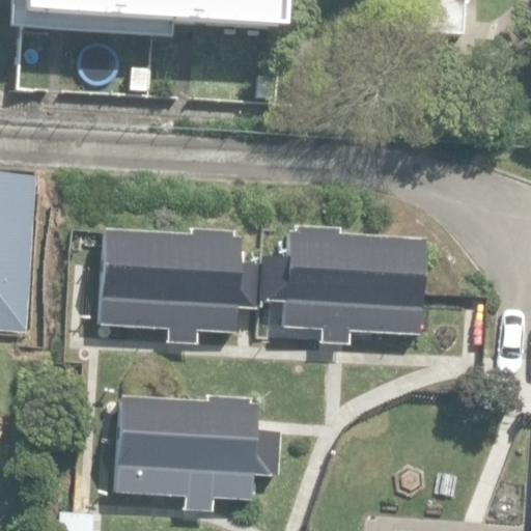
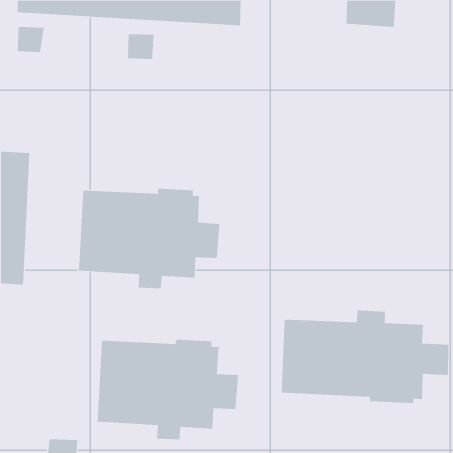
building: [262,224,420,343] -> none
building: none -> [281,309,449,404]

